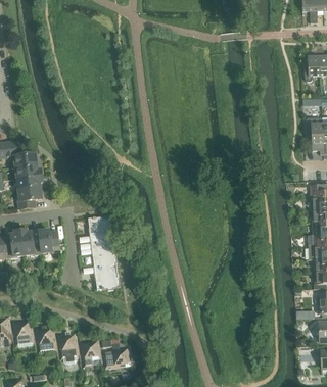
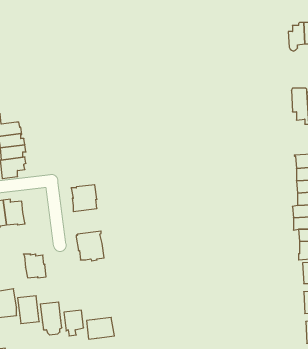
building: [38,228,60,251] -> [23,254,46,278]
building: [90,237,118,262] -> none

